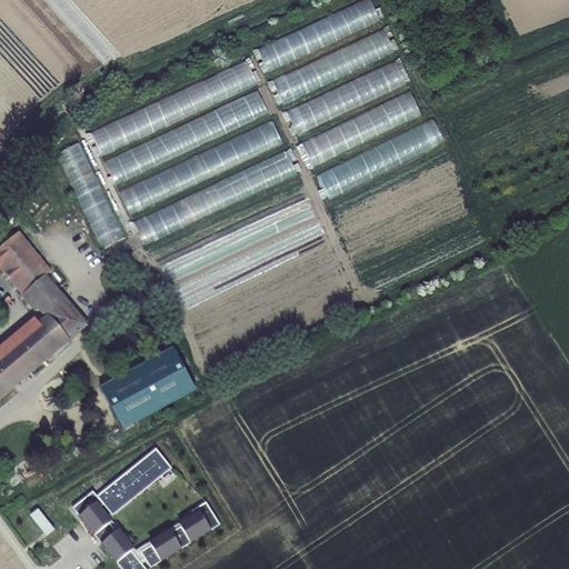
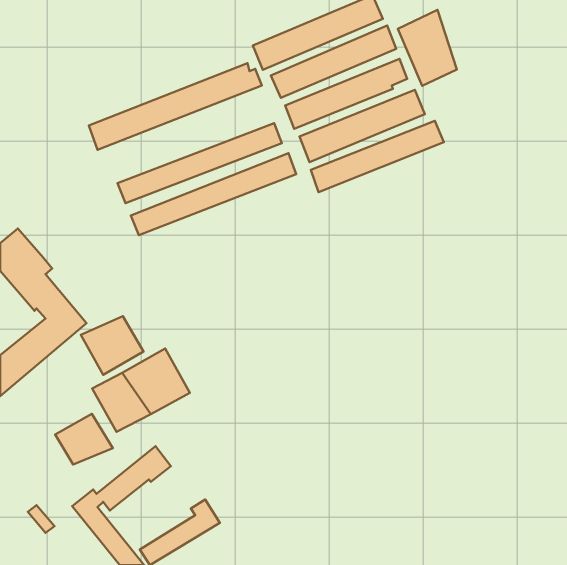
building: none -> [398,10,457,86]
building: [103,92,271,174] -> none
building: [56,139,123,247] -> none
building: none -> [81,316,144,375]
building: none -> [55,414,113,465]

